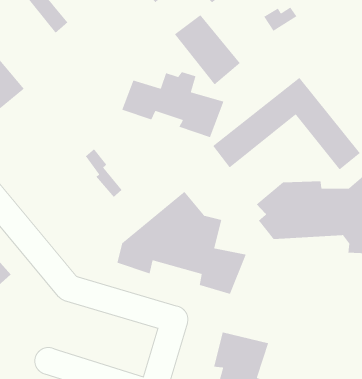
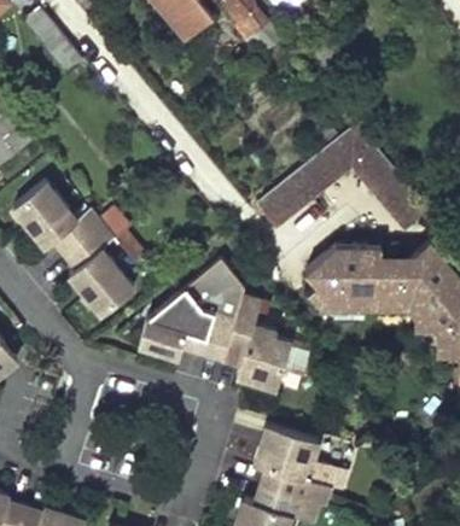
building: [174,14,241,86] -> none
building: [121,71,224,138] -> none
building: none -> [11,180,130,316]

